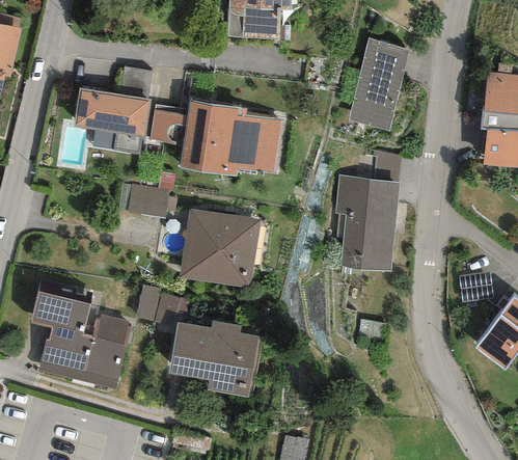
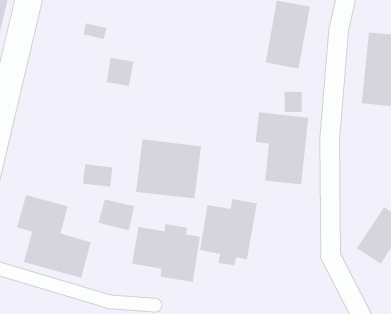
building: [76,93,147,154] -> none
building: [184,97,283,173] -> none
building: [128,188,167,218] -> [82,164,113,187]
building: none -> [199,198,258,266]

